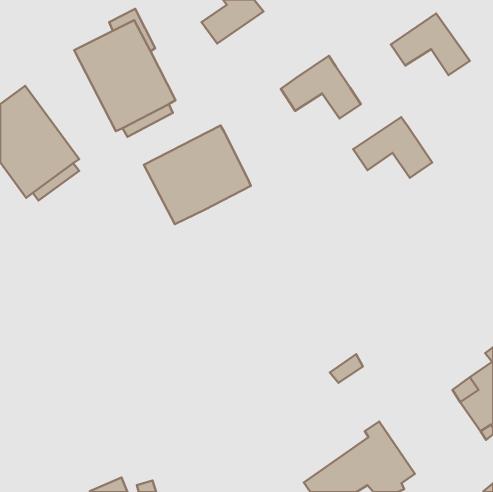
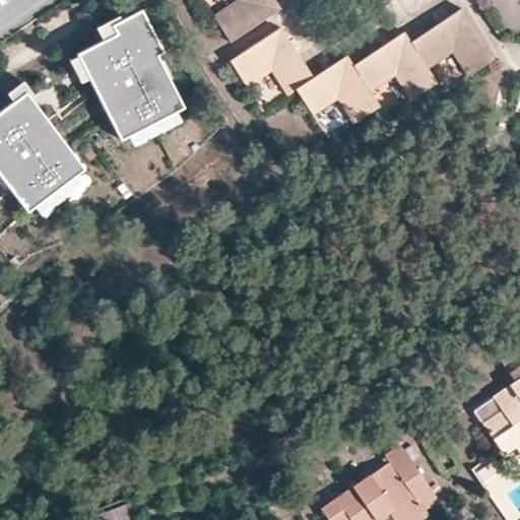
building: none -> [226,31,313,98]
building: [353,117,432,178] -> [353,37,437,101]
building: [144,126,251,224] -> none

